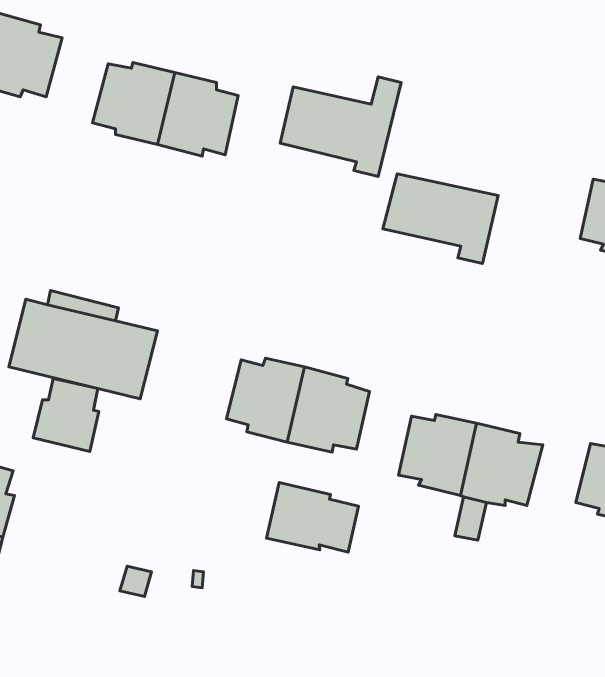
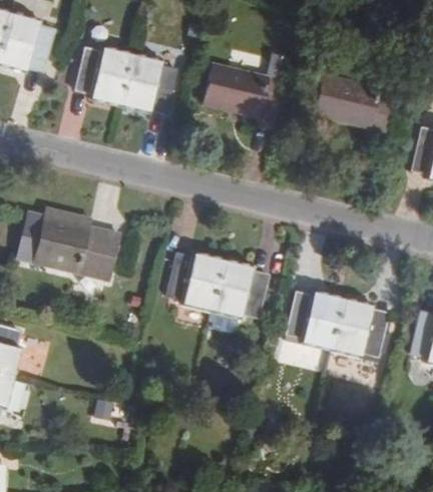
building: [383,174,498,263] -> [314,76,394,138]
building: [33,378,99,451] -> none
building: [266,482,359,552] -> none

